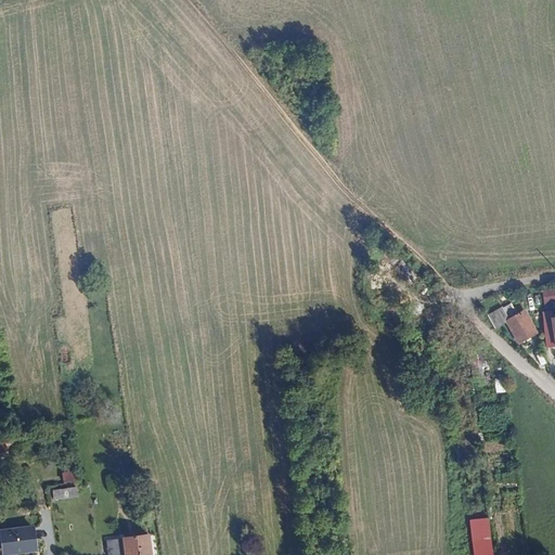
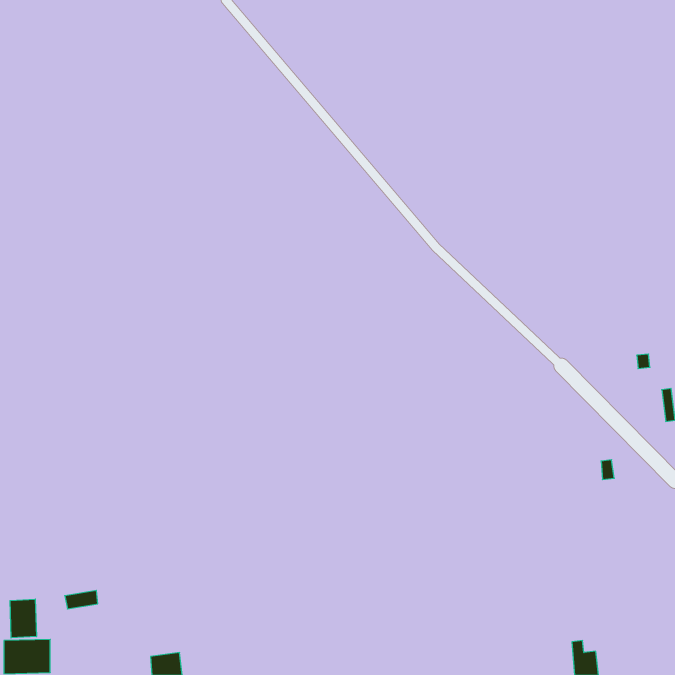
building: [488,308,535,341] -> none
building: none -> [10,599,36,638]

